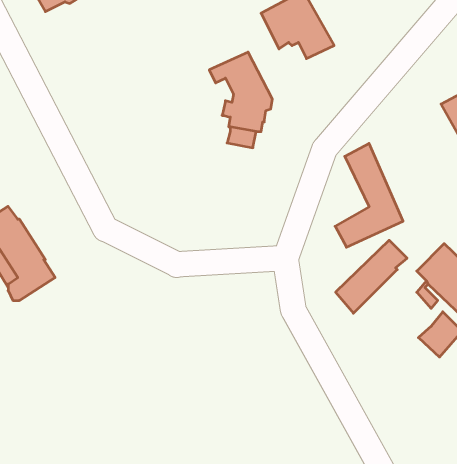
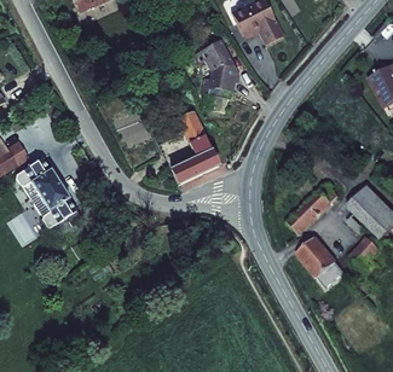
building: [335,143,403,247] -> [169,110,220,187]
building: none -> [295,233,345,286]

